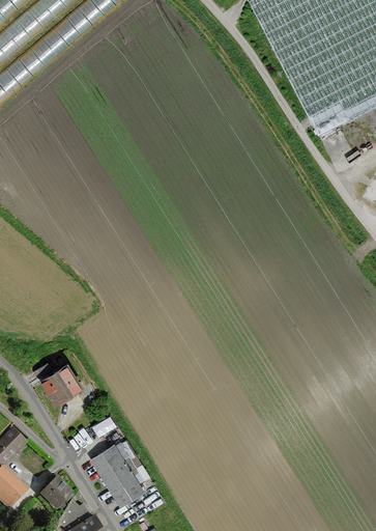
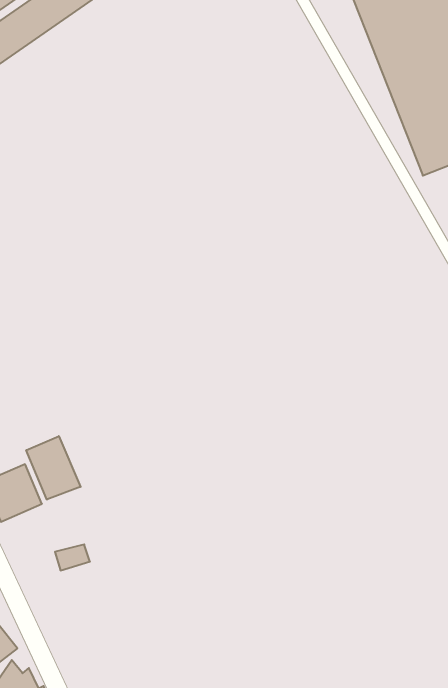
building: none -> [26,436,81,500]
building: [90,442,144,505] -> none

